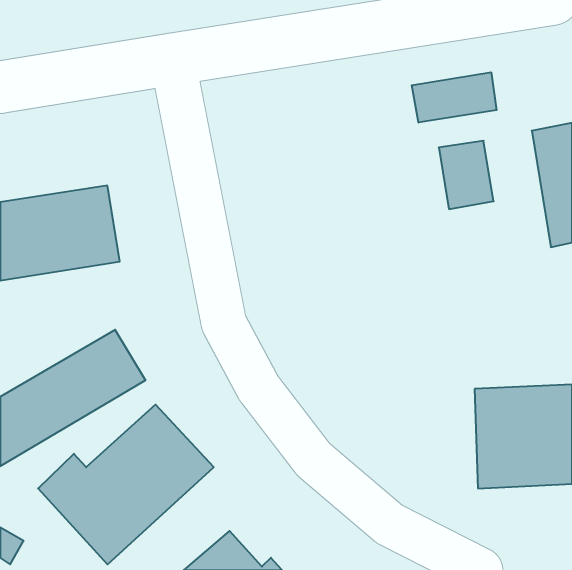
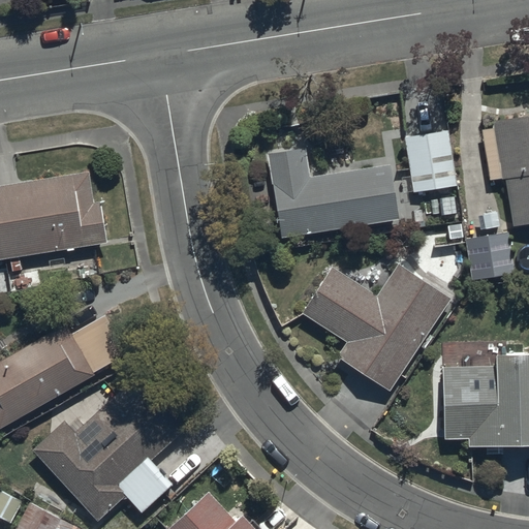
building: [412,72,497,123] -> none
building: none -> [266,146,399,239]
building: none -> [464,234,511,278]
building: none -> [298,261,450,394]

